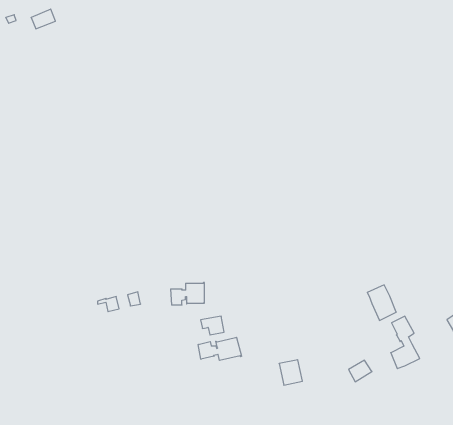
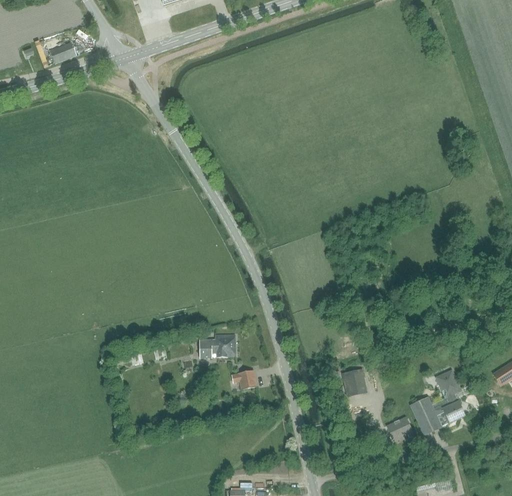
building: [367,285,396,320] -> [410,396,441,434]
building: [198,337,242,360] -> none
building: [279,360,302,385] -> [342,368,367,395]

